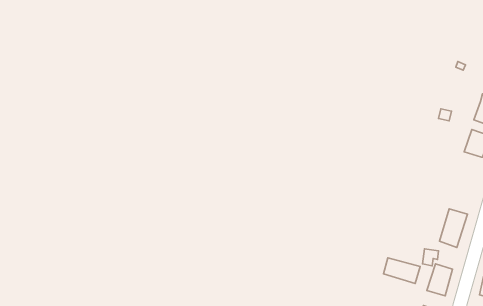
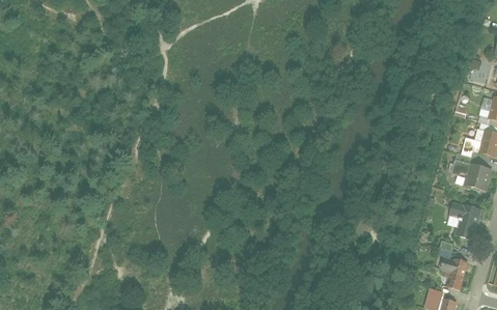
building: none -> [467,166,489,192]
building: [383,258,420,284] -> none

